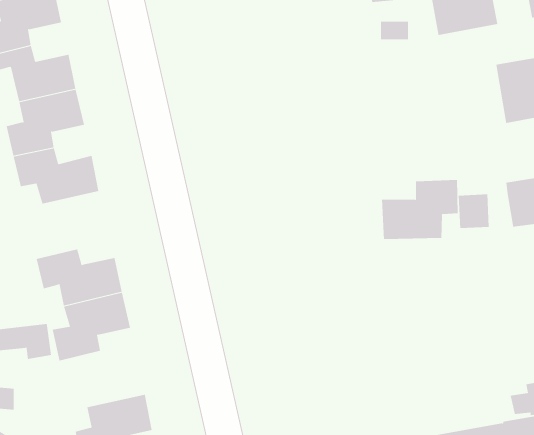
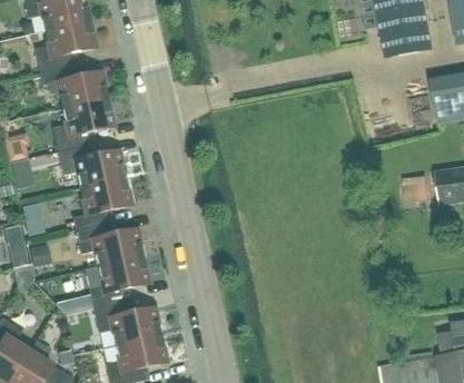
building: [382,179,458,240] -> none
building: none -> [72,176,131,228]
building: none -> [93,299,160,343]

